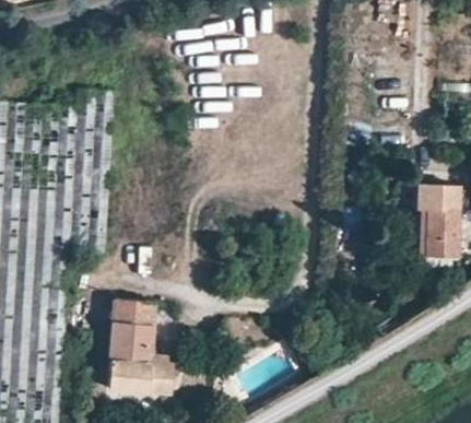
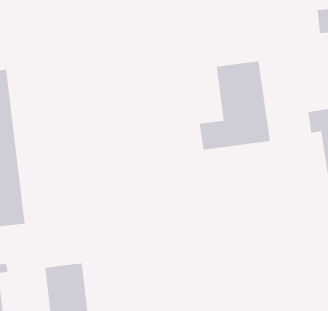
building: none -> [199,60,270,150]

